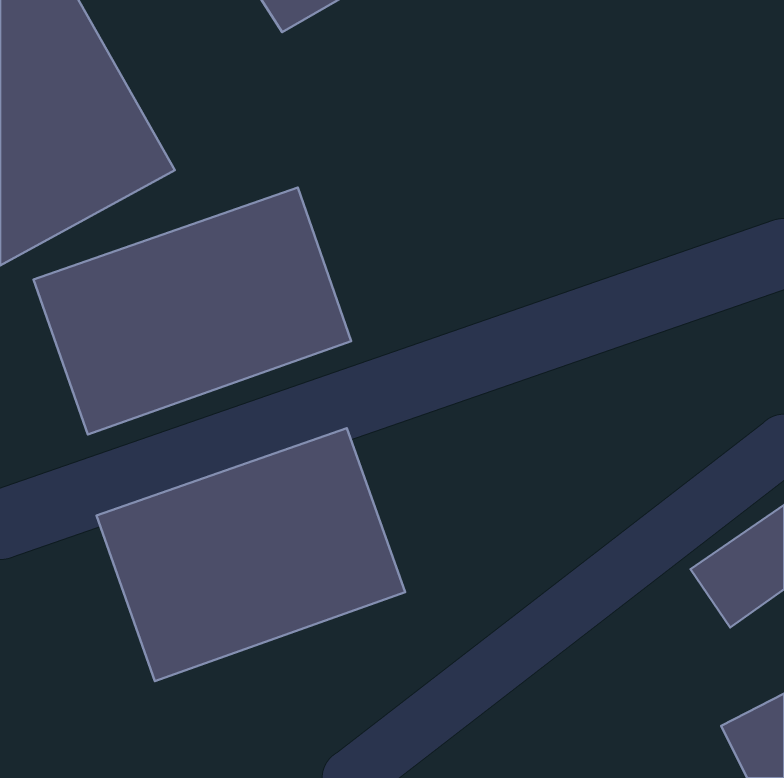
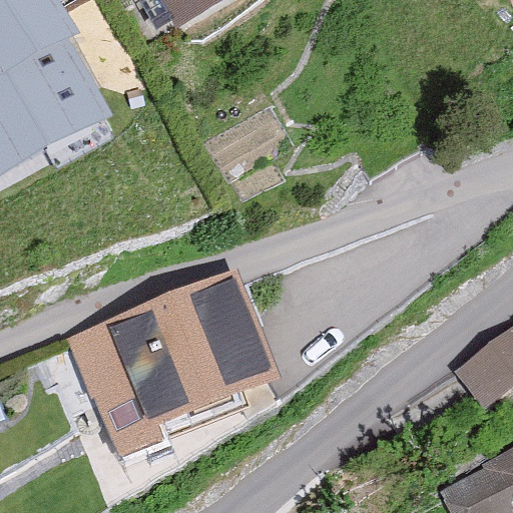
building: [33,187,351,434] -> none

